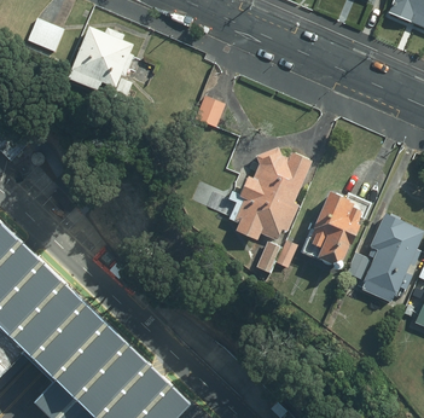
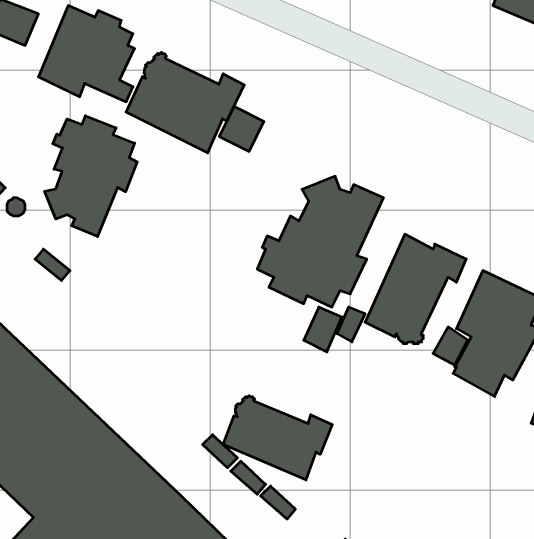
building: none -> [126,52,244,153]
building: none -> [45,116,137,237]
building: none -> [223,396,332,480]

